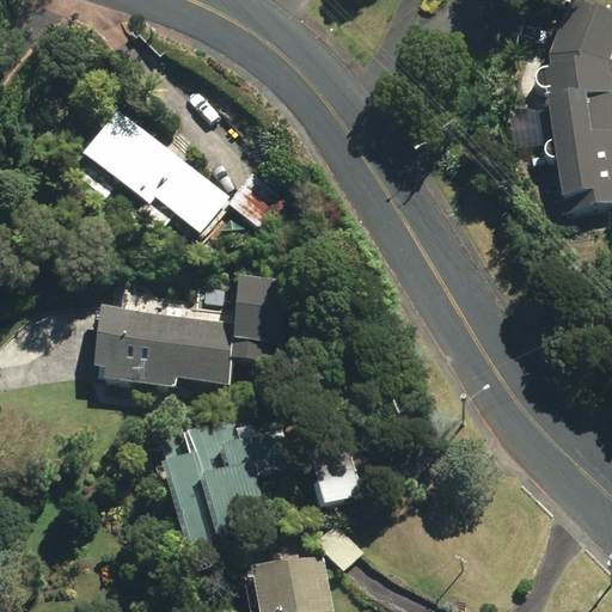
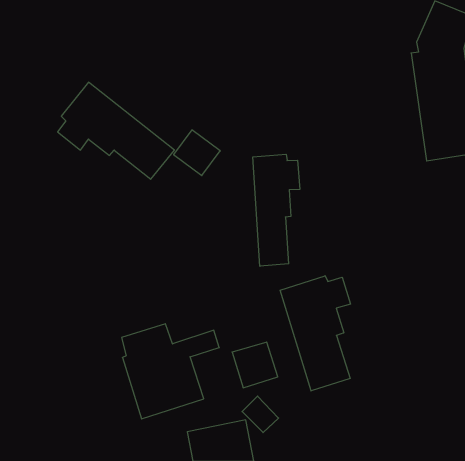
building: none -> [253,154,300,266]
building: [92,276,288,387] -> none
building: none -> [280,276,351,391]

